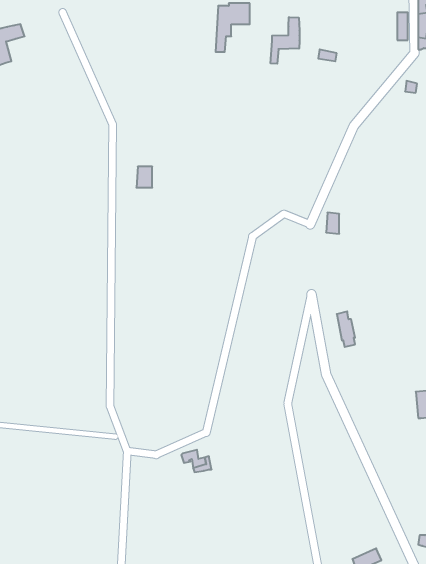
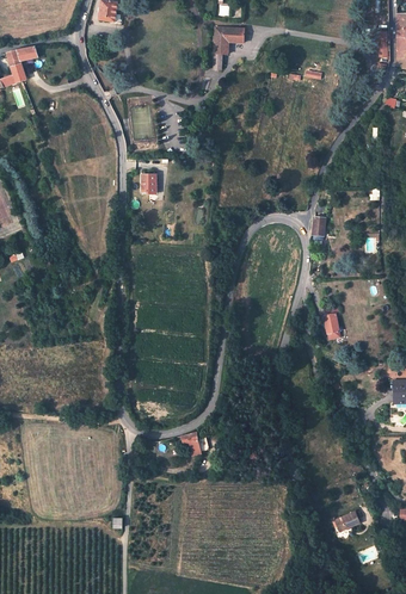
building: [271,17,299,64] -> none

